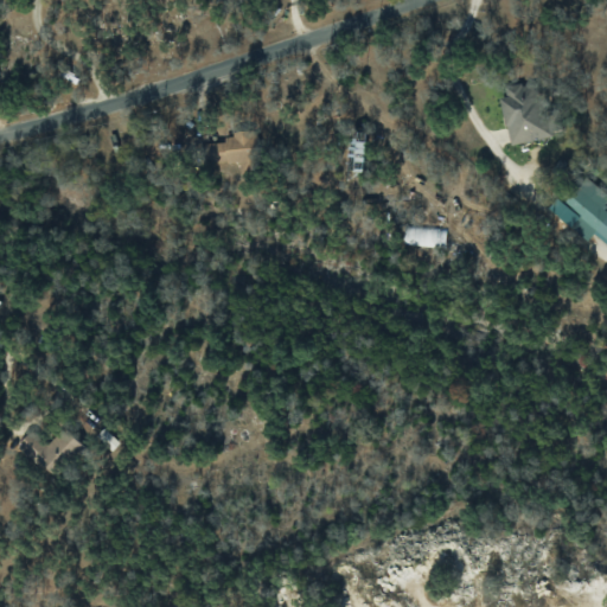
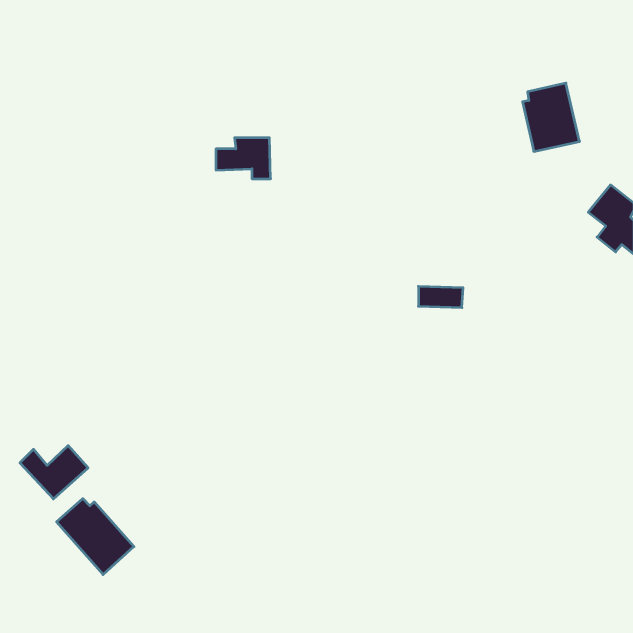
building: [404,226,447,247] -> [418,286,463,308]
building: none -> [57,499,134,575]

